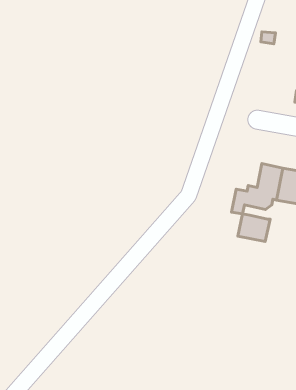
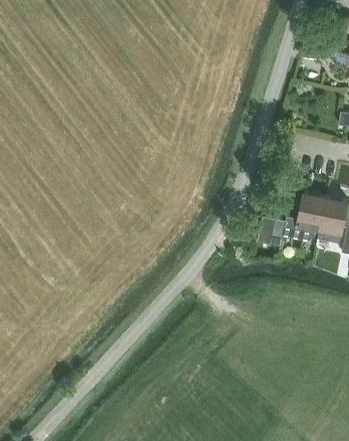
building: [238,214,270,242] -> none

